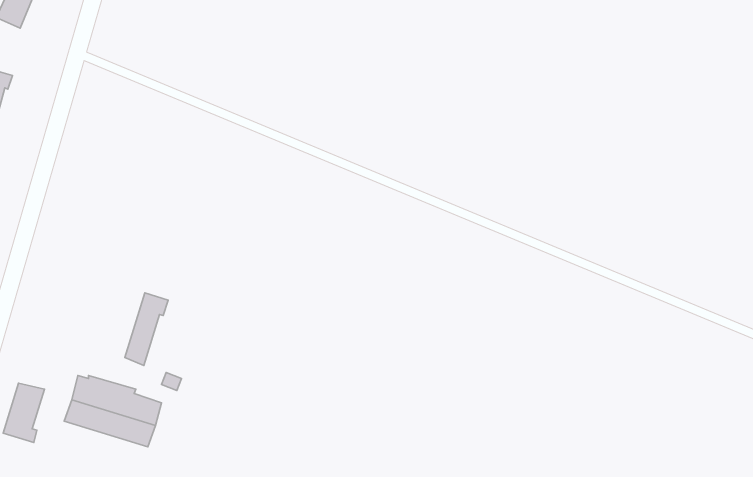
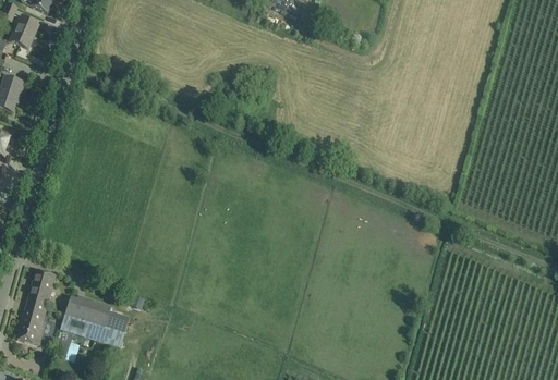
building: [125,293,168,365] -> none
building: none -> [27,268,54,305]

